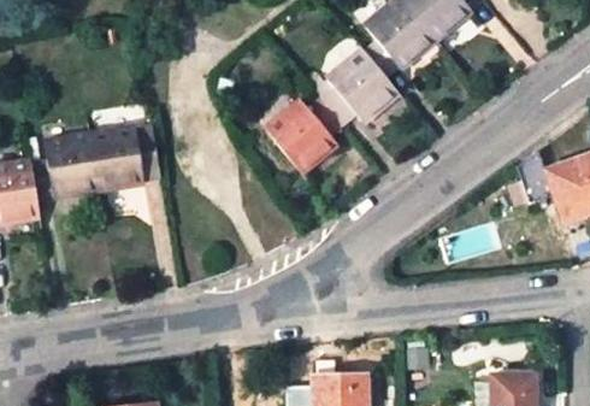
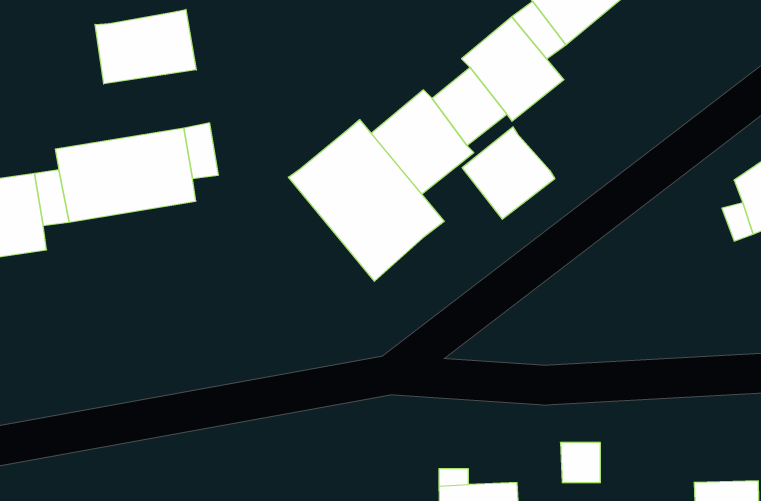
building: none -> [95,9,196,84]
building: none -> [288,120,444,281]
building: none -> [462,127,555,219]

